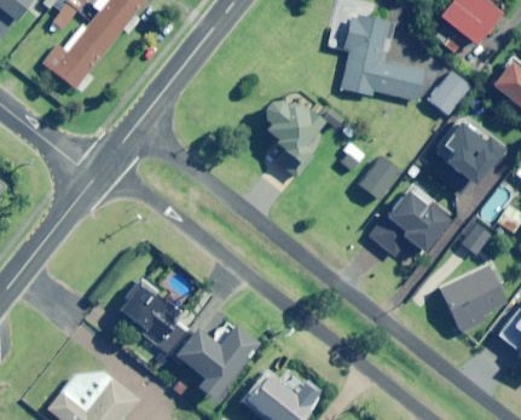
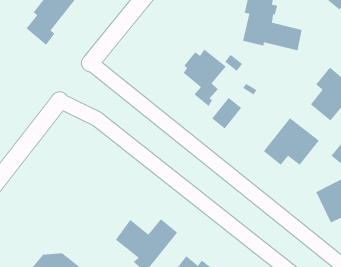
building: [428,71,469,115] -> none
building: [360,156,401,200] -> [211,97,242,129]
building: [120,282,181,341] -> none

